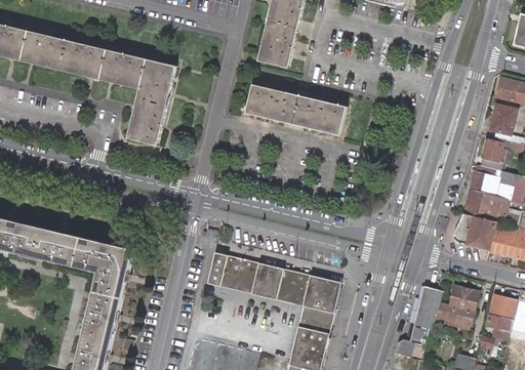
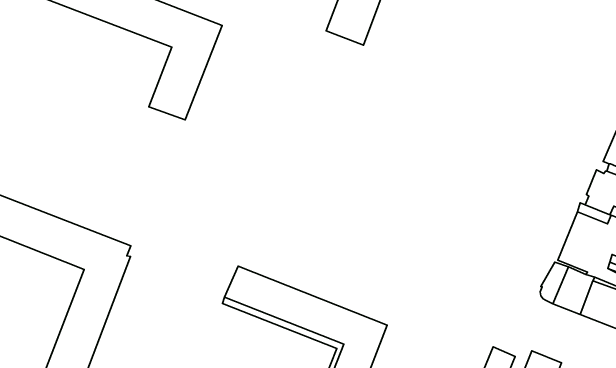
building: [246,83,348,134] -> none

